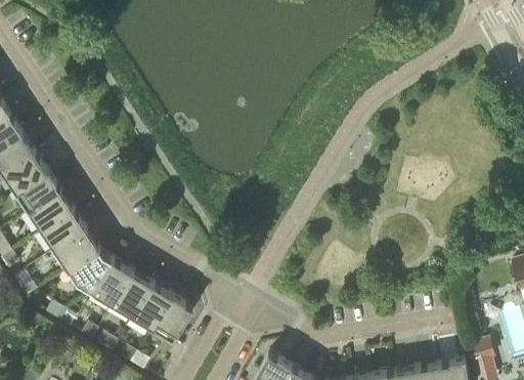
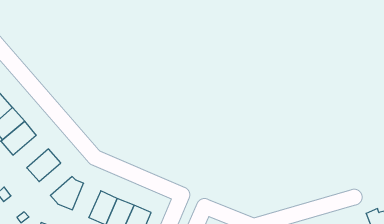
building: [28,189,74,229] -> none
building: [56,228,99,268] -> none
building: [94,258,133,302] -> none

